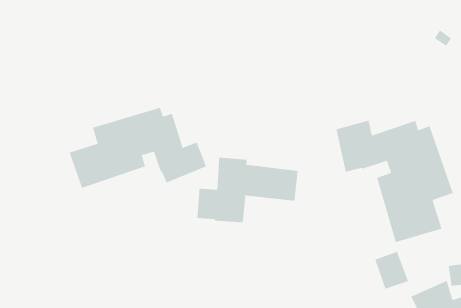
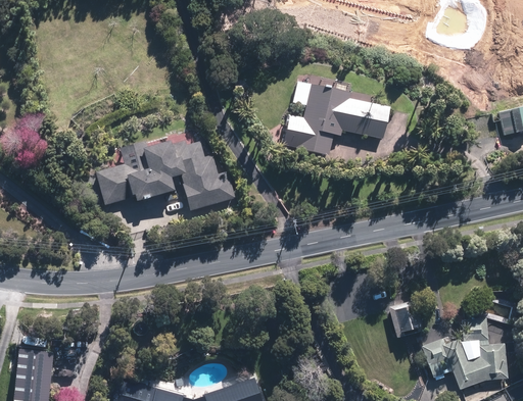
building: [336,120,454,243] -> none
building: [197,157,298,223] -> [283,88,388,155]

